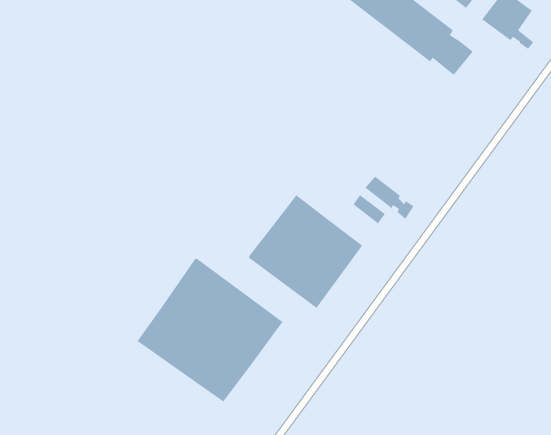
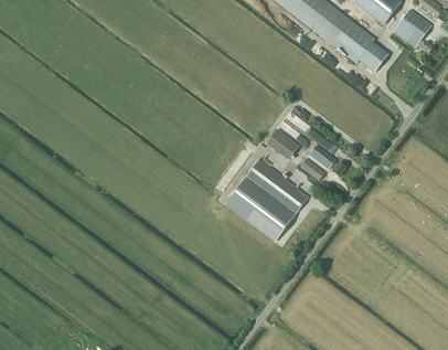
building: none -> [265,128,299,160]
building: [136,257,284,403] -> none

